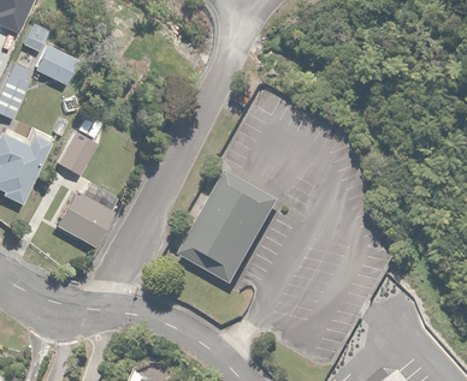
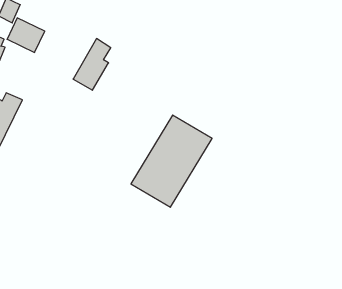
building: [58,114,102,175] -> [73,39,111,90]
building: [55,192,117,250] -> none

